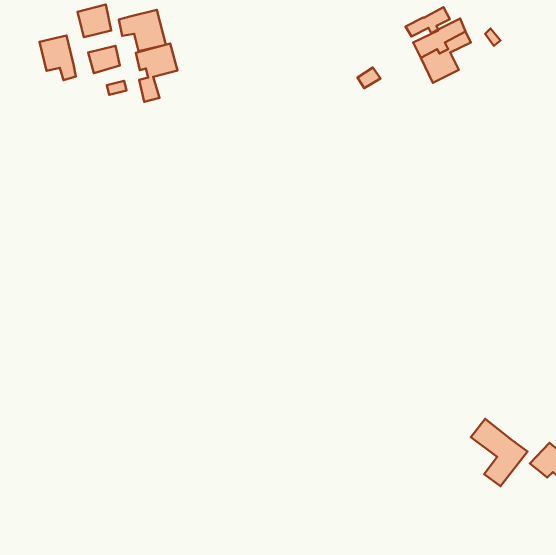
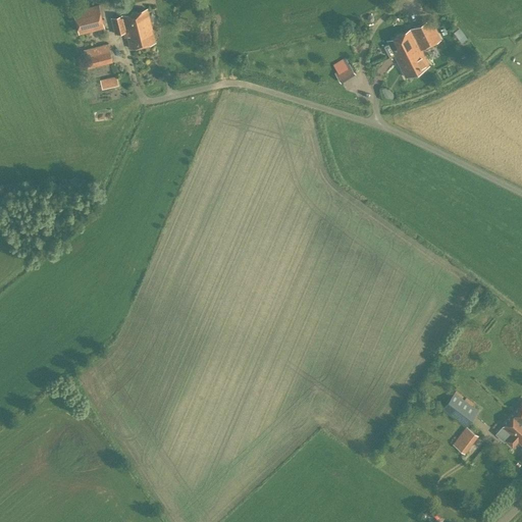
building: [406,7,450,36] -> none
building: [39,36,76,80] -> none
building: [136,43,178,102] -> none

